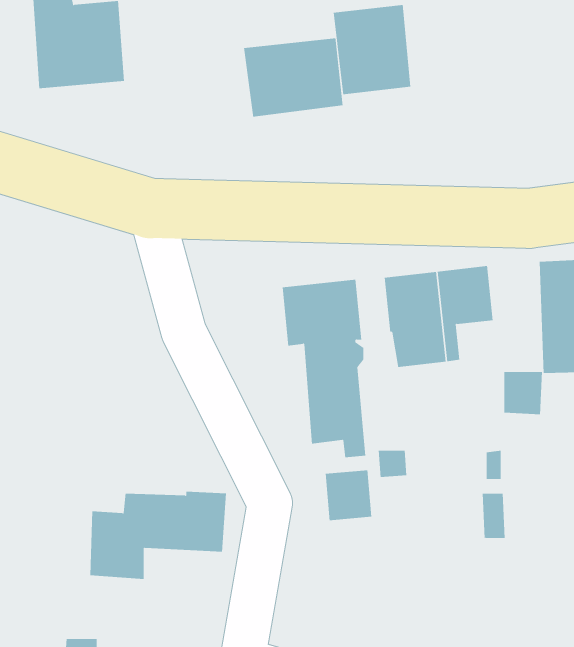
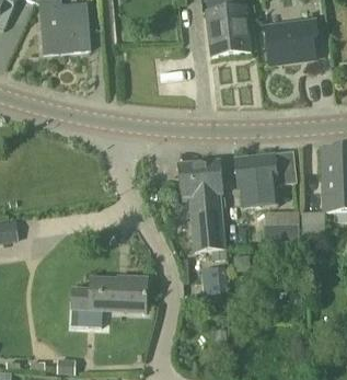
building: none -> [265,20,317,64]
building: [243,37,343,117] -> none
building: none -> [264,223,299,241]

